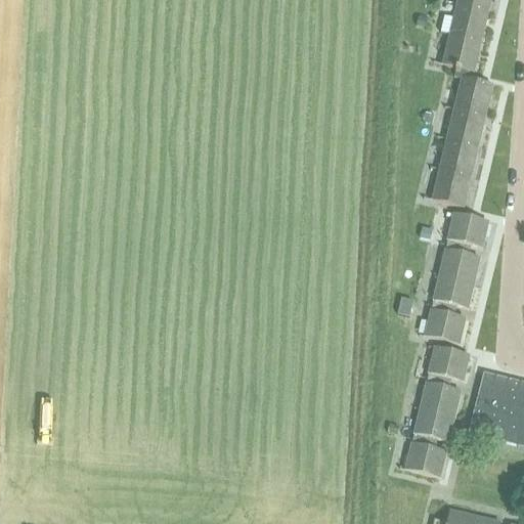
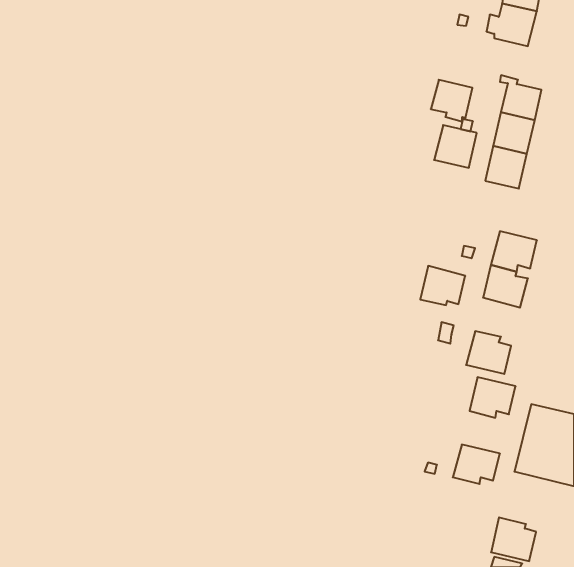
building: [443,35,481,73] -> [431,80,472,121]
building: [434,165,473,204] -> [434,125,477,168]
building: [433,271,474,307] -> [420,266,465,305]
building: [421,375,462,413] -> none
building: [405,435,446,475] -> [491,517,536,561]

